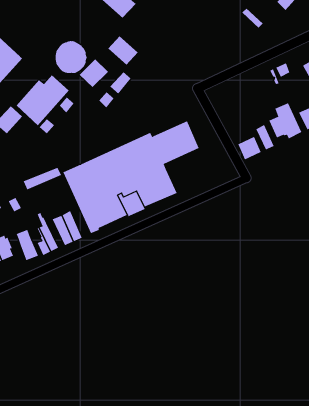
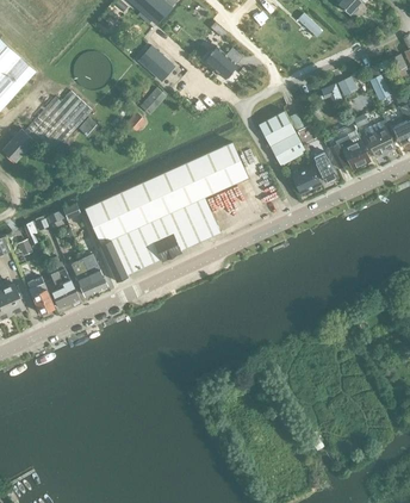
building: none -> [204,45,237,77]
building: [79,59,109,88] -> none
building: none -> [259,111,306,166]

